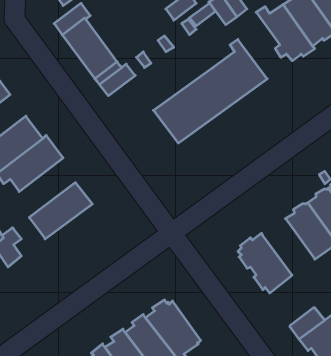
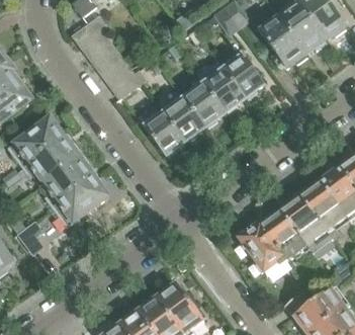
building: none -> [144,111,185,156]
building: none -> [42,154,97,207]
building: none -> [261,208,307,259]

